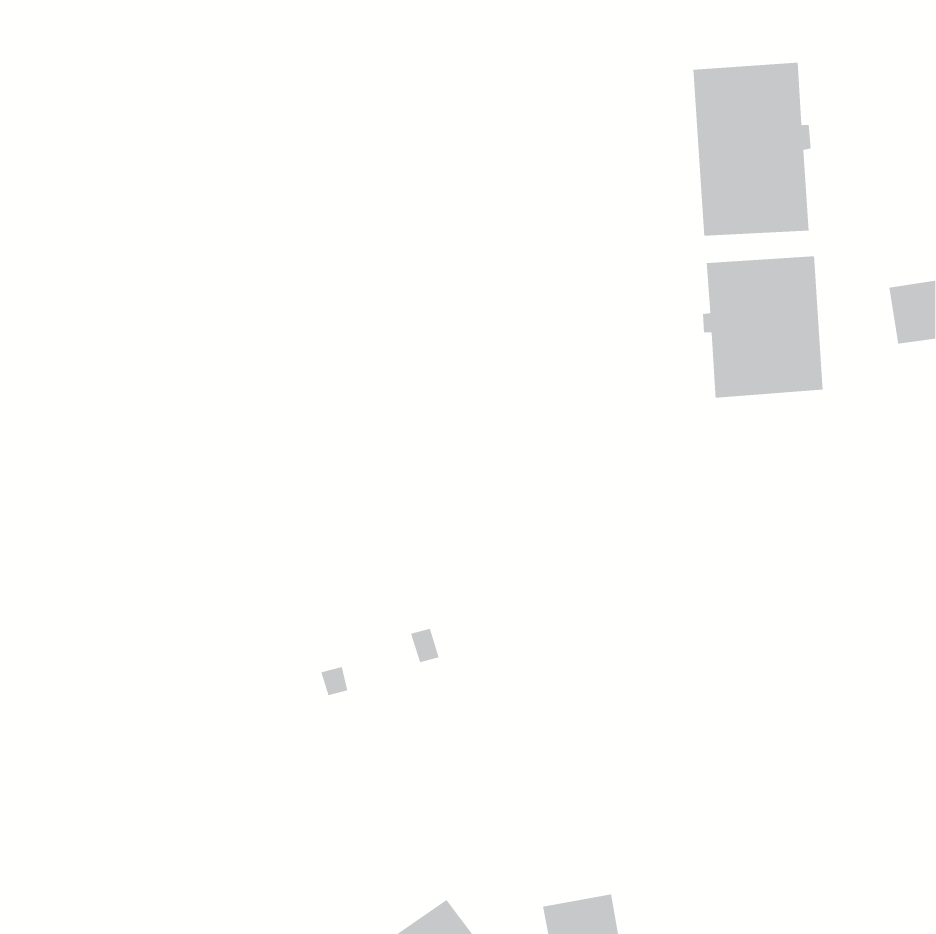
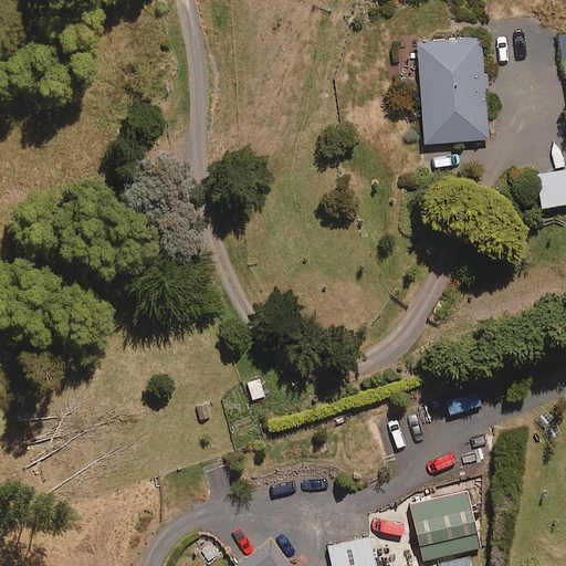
building: [702,256,823,398] -> none
building: none -> [410,489,480,556]

